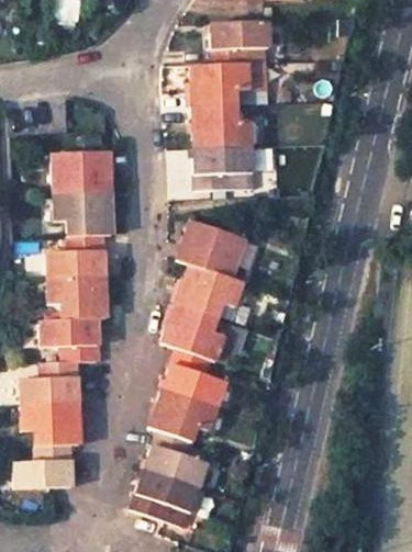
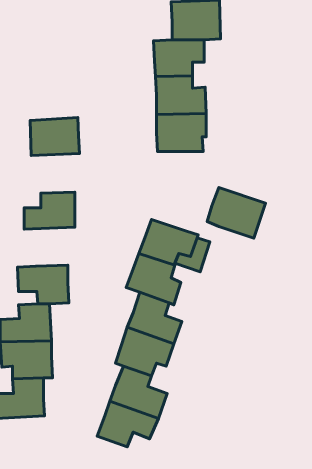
building: [55,190,111,235] -> none
building: [178,221,244,278] -> [207,187,265,238]
building: [47,273,105,317] -> none

